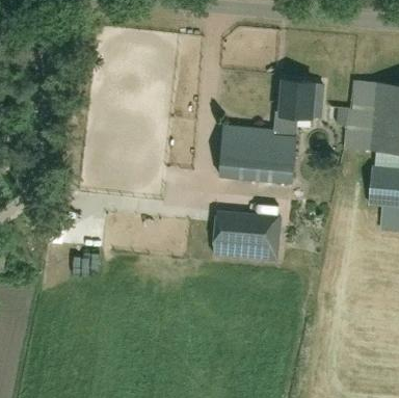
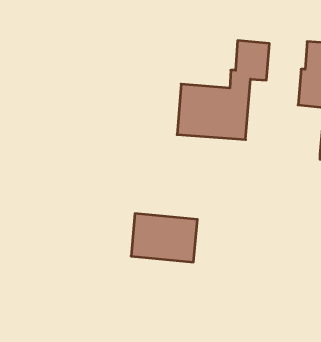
building: [212,209,282,260] -> [131,214,197,262]

